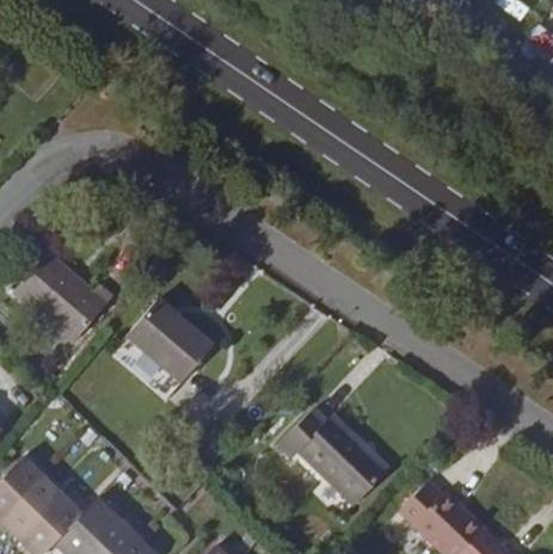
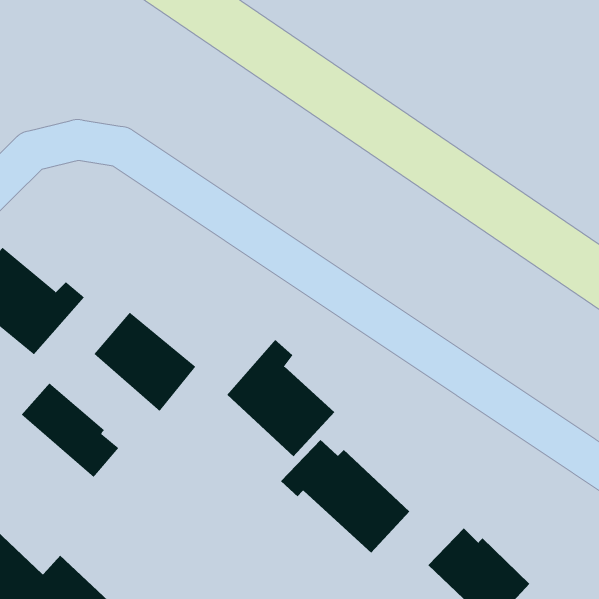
building: none -> [226,339,335,457]
building: none -> [21,383,119,478]

